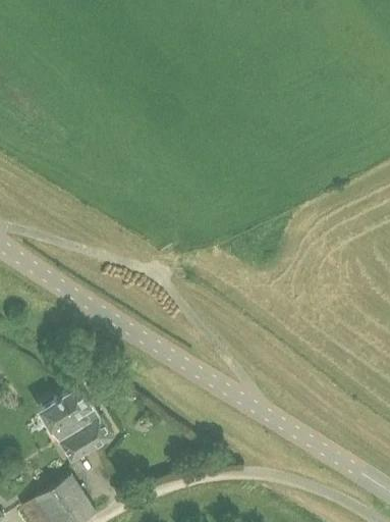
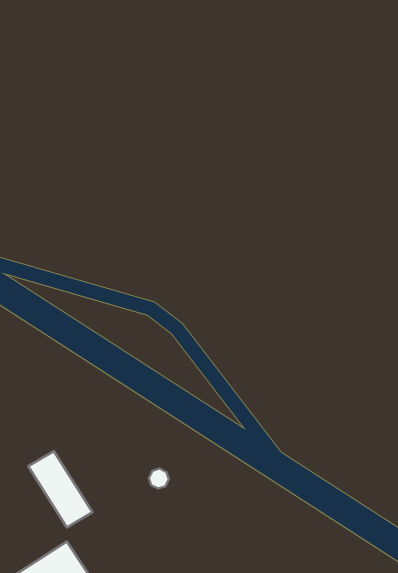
building: [59,384,111,450] -> none

